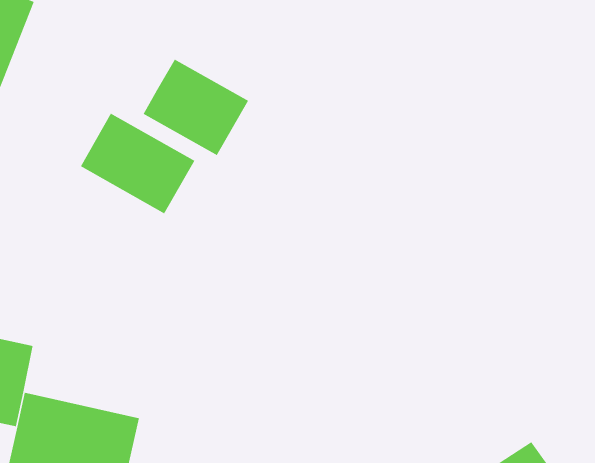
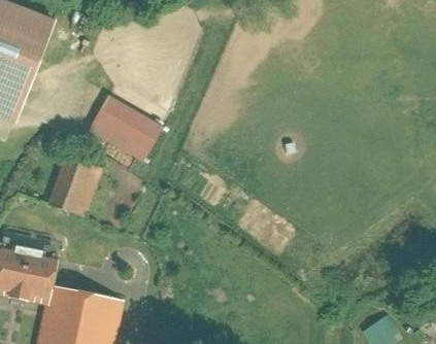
building: [143,59,249,156] -> none
building: none -> [46,153,102,216]

